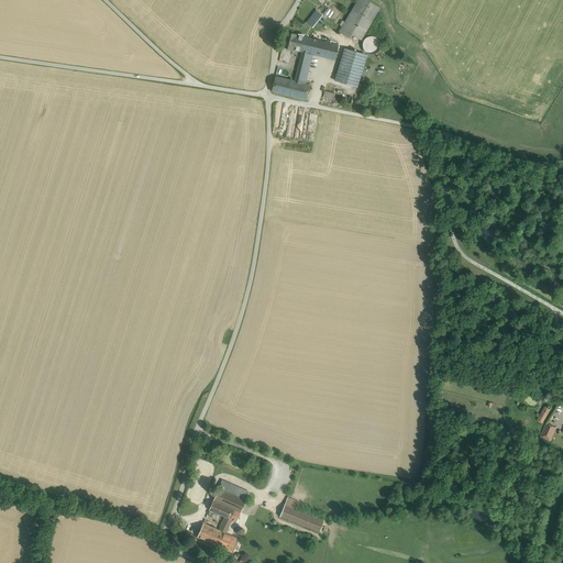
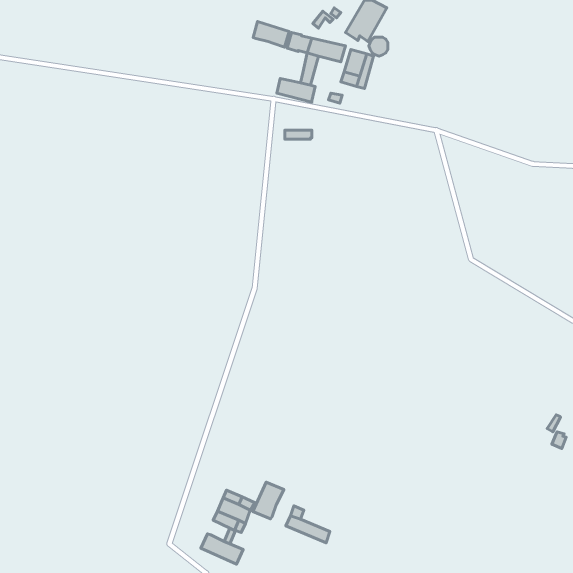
building: none -> [253,22,289,47]
building: none -> [253,482,284,519]

